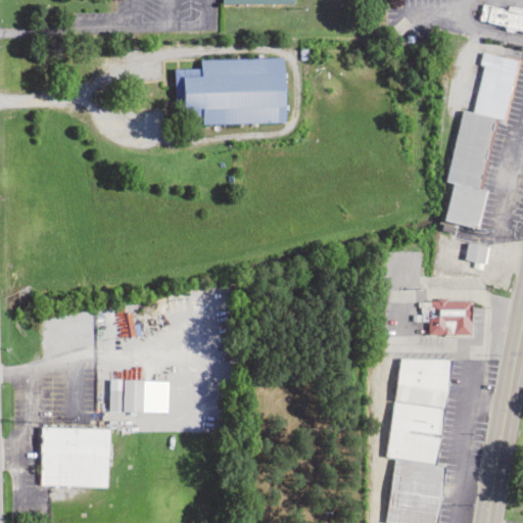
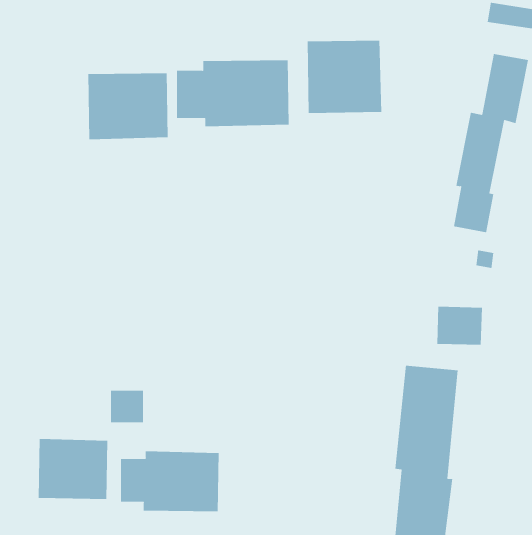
building: none -> [307,40,382,114]
building: none -> [88,72,168,140]
building: none -> [120,450,219,512]

